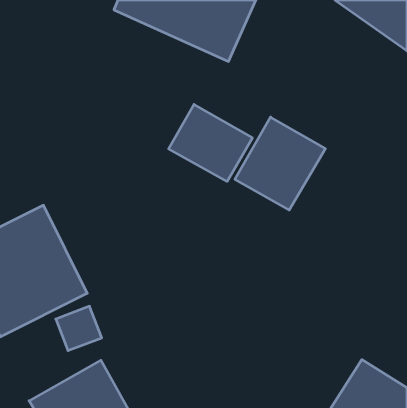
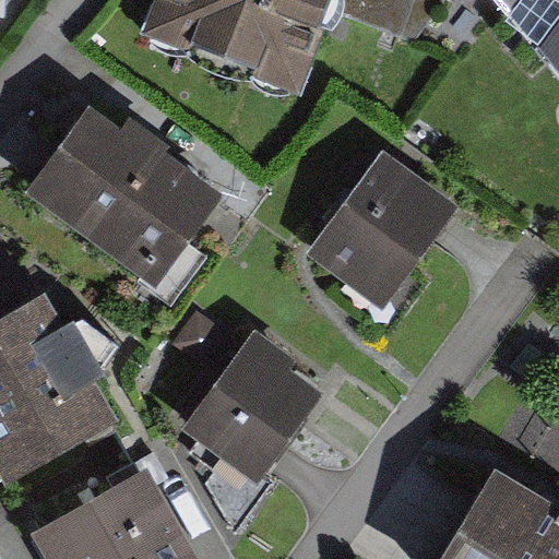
building: none -> [31,95,223,274]
building: [169,104,252,181] -> none
building: none -> [185,353,305,484]

